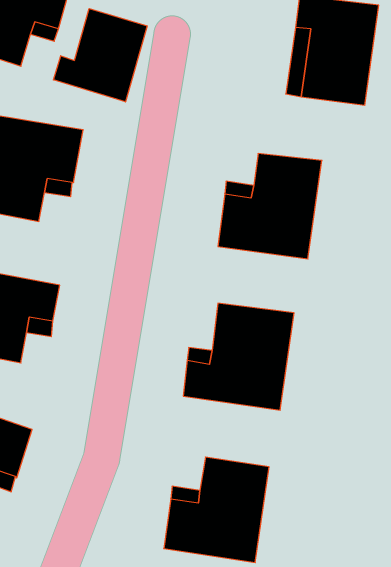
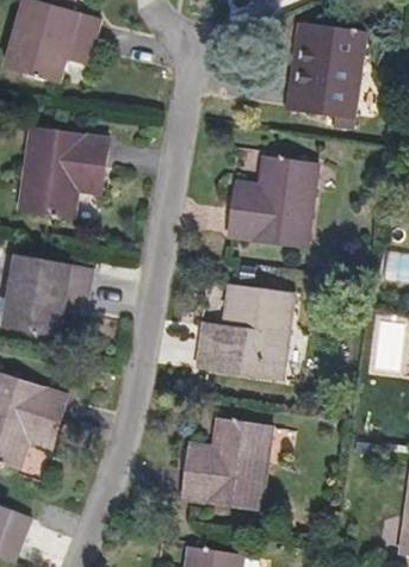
building: [53,9,147,102] -> none

